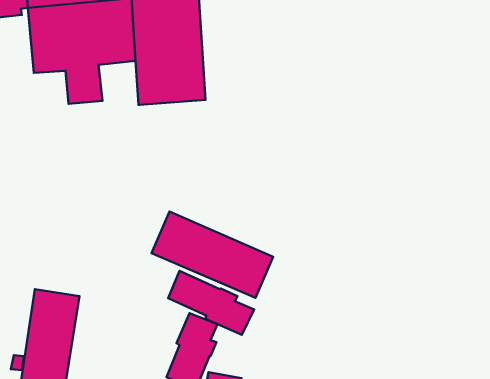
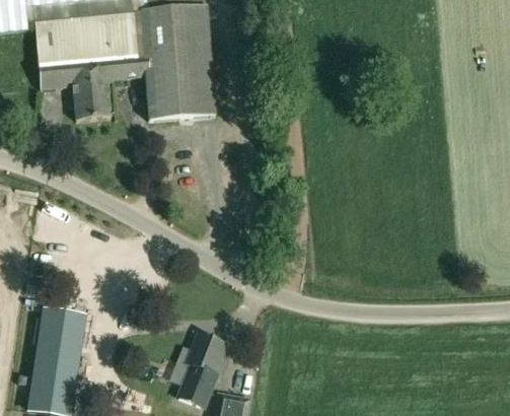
building: [151,211,273,298] -> none
building: [168,271,254,335] -> none

